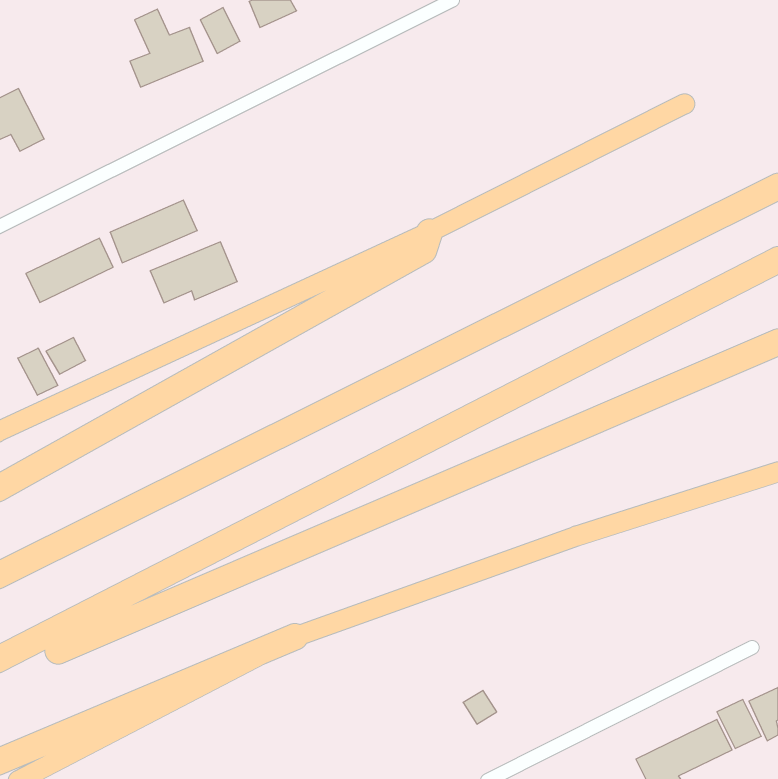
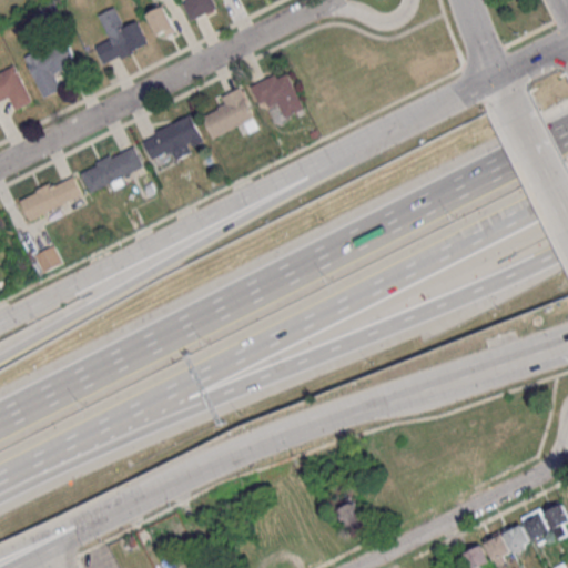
building: none -> [24,39,77,98]
building: none -> [250,71,302,119]
building: none -> [202,89,254,139]
building: [150,242,237,303] -> [141,116,204,161]
building: [18,348,58,395] -> none

